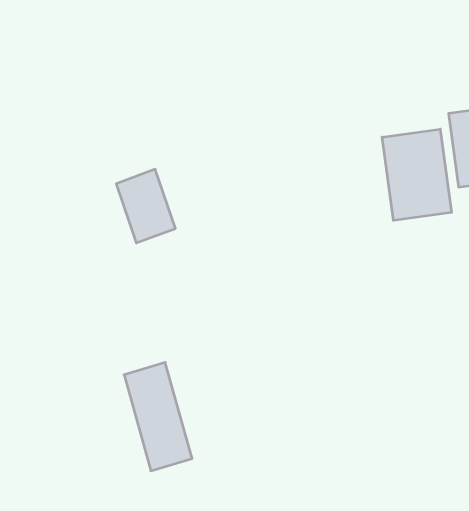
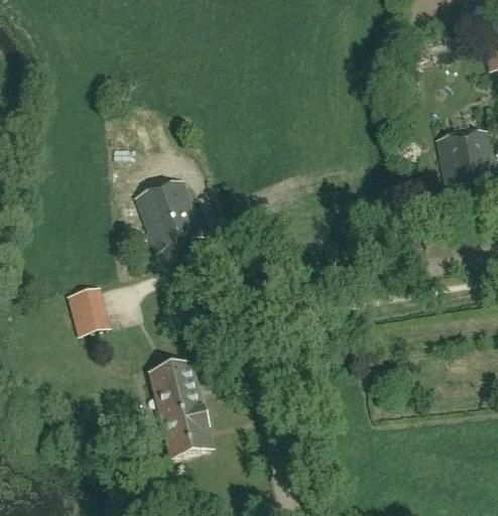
building: [382,129,452,220] -> none
building: none -> [72,285,113,333]

